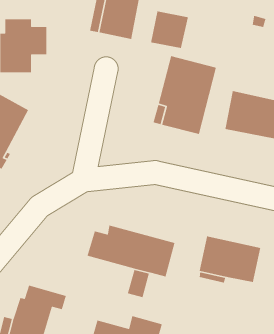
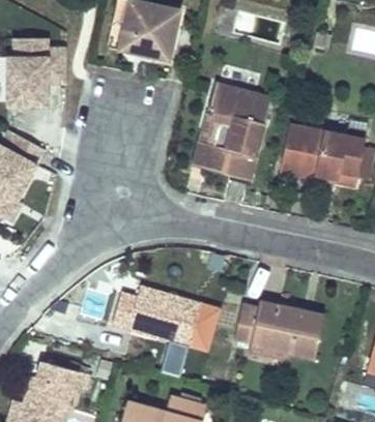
building: [150,10,189,49] -> none

